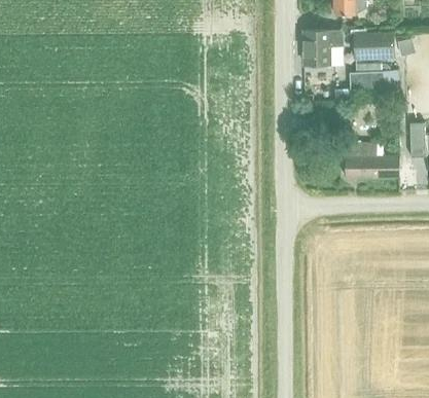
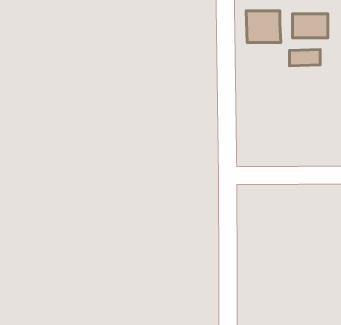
building: [346,143,400,177] -> none

